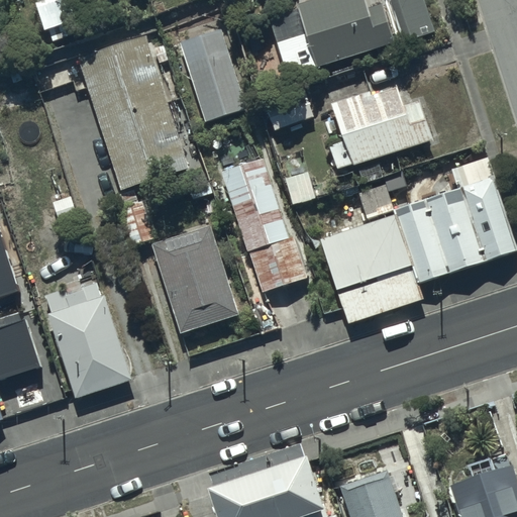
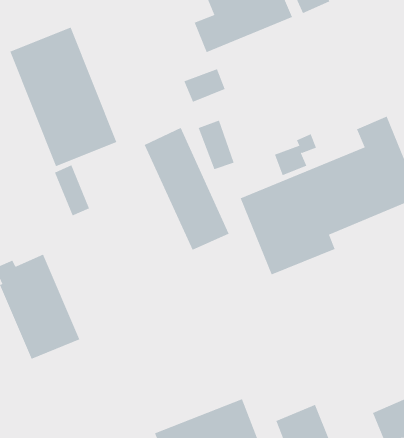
building: [179,28,245,122] -> none
building: [329,82,435,171] -> none
building: [149,220,239,331] -> none

